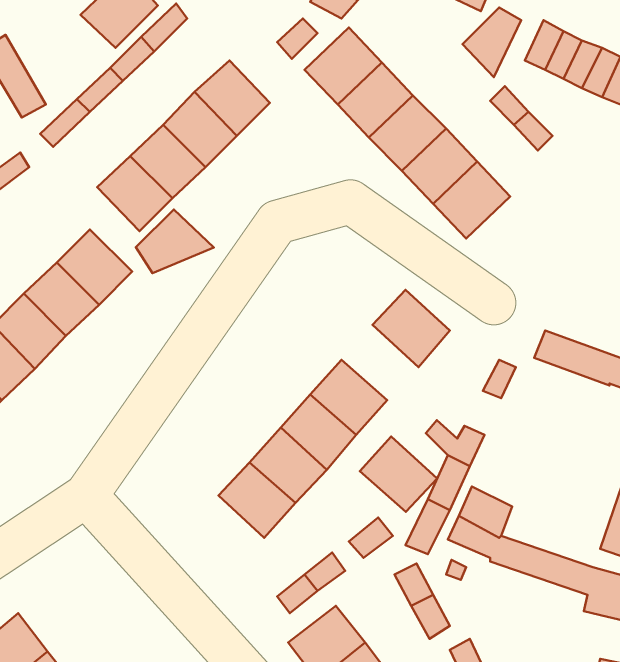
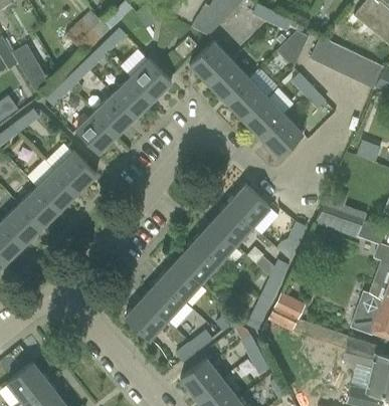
building: [136,209,214,273] -> none
building: [360,436,437,512] -> [210,204,252,245]
building: none -> [126,297,168,340]

